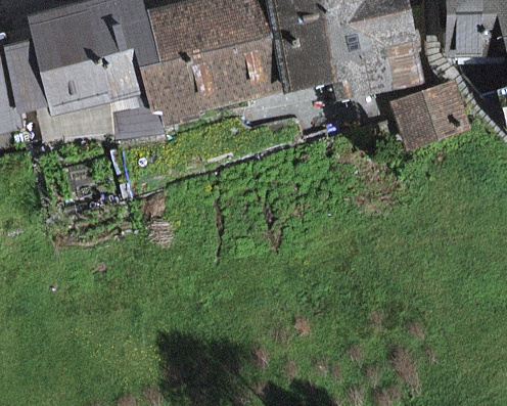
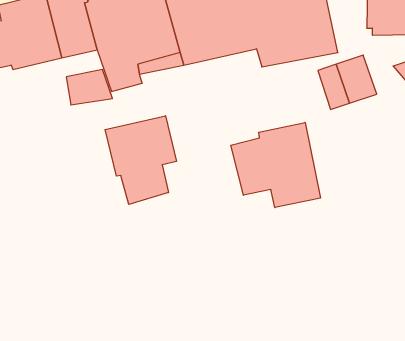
building: none -> [105,116,176,204]
building: none -> [231,122,320,208]

